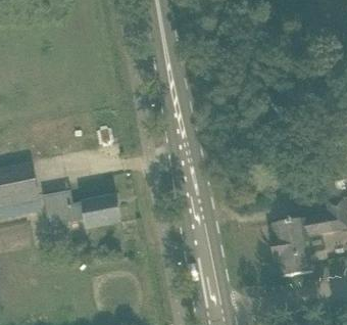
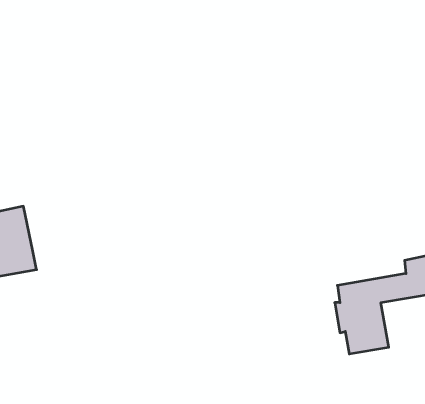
building: [39,190,118,227] -> none

